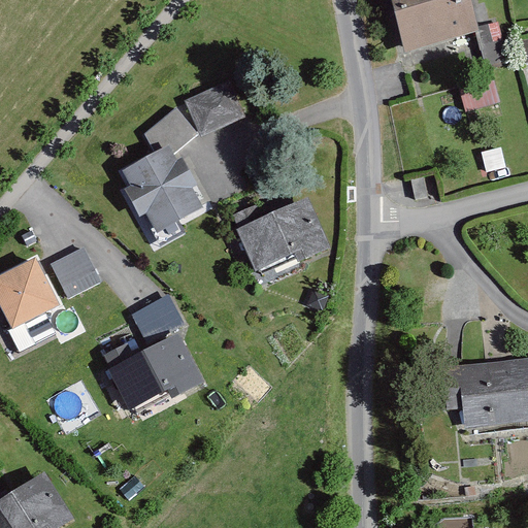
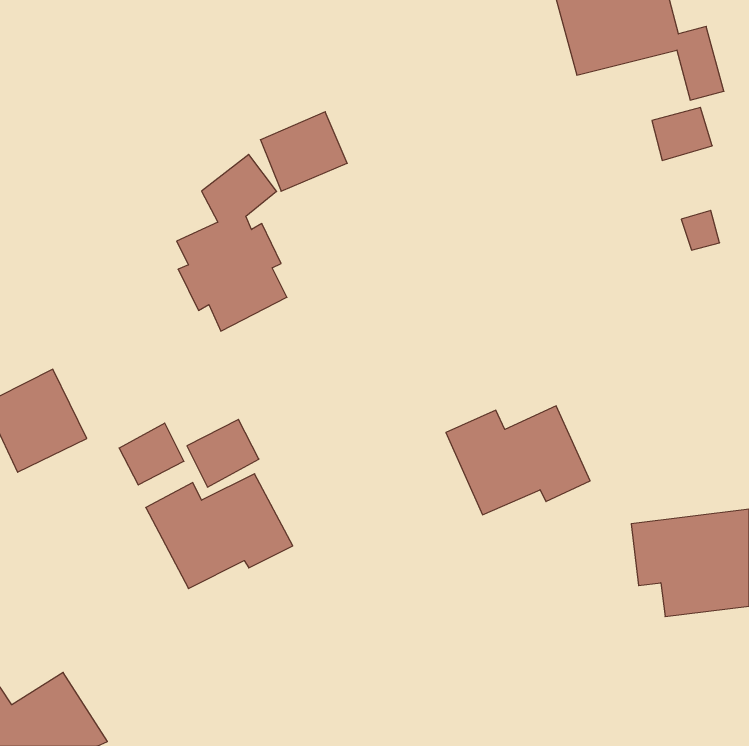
building: [231,197,332,273] -> [446,406,590,515]
building: [50,246,95,290] -> [119,423,184,485]

